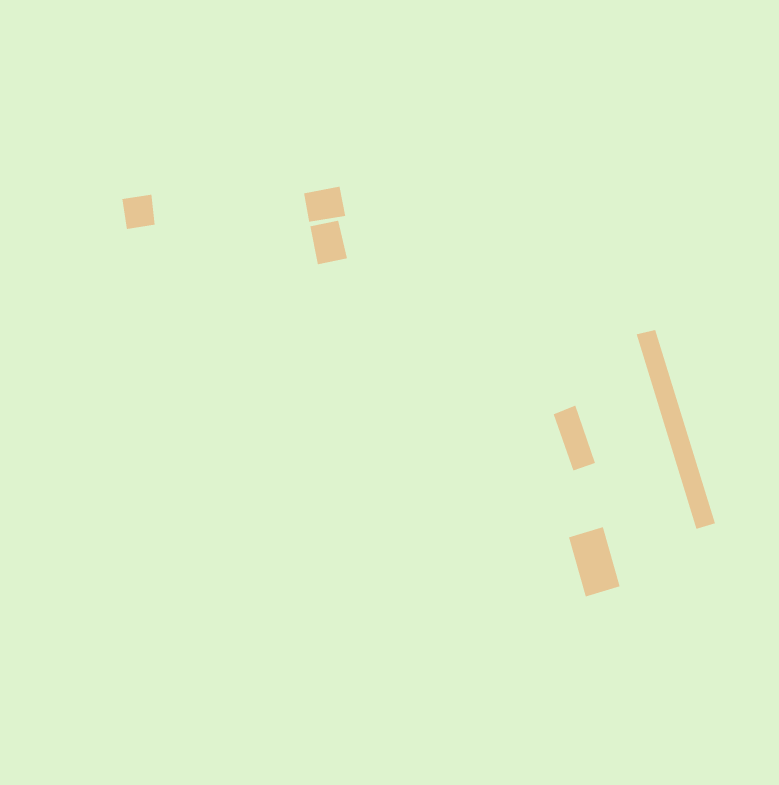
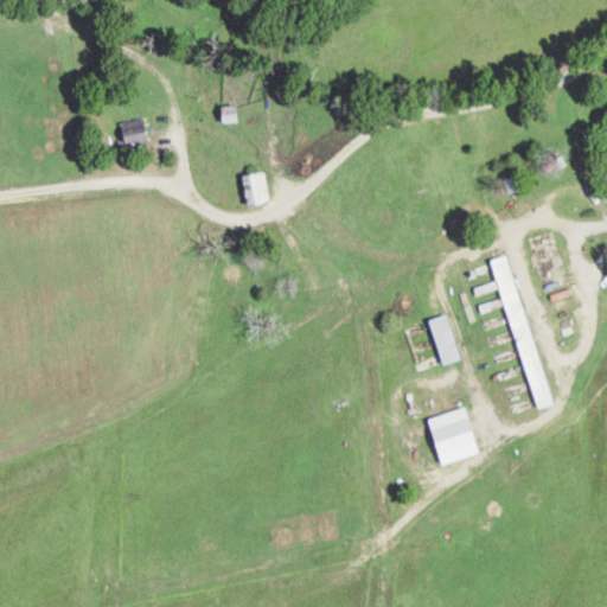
building: [303,186,346,222] -> none
building: [122,194,155,230] -> [120,117,146,145]

